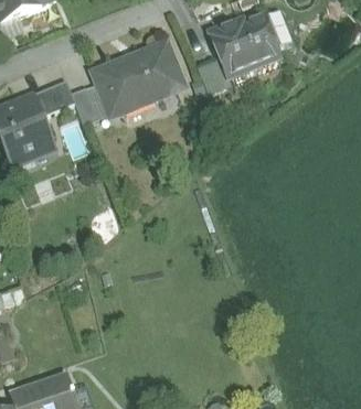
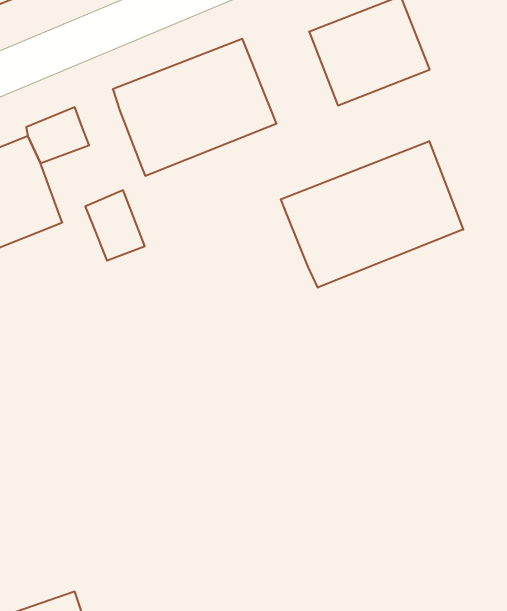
building: [70,79,106,122] -> [85,190,145,261]
building: none -> [281,141,463,288]

